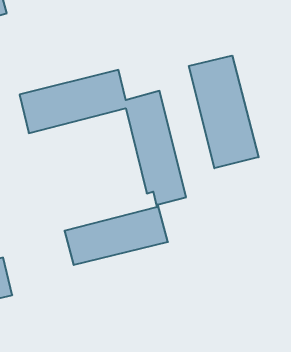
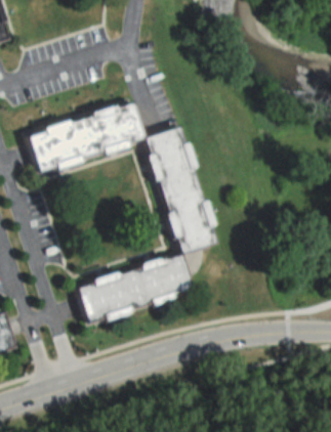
building: [189,56,259,168] -> none

